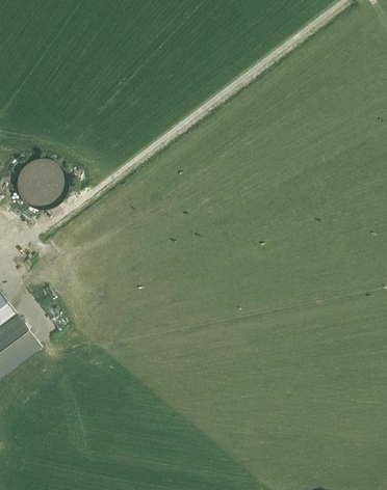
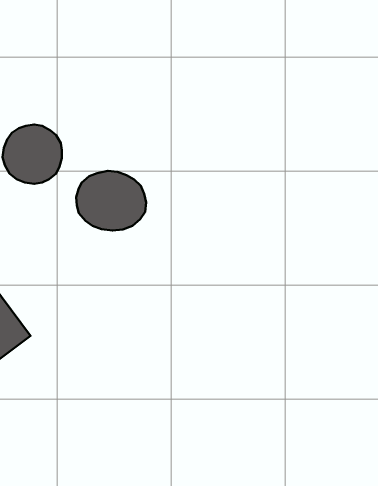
building: none -> [76,171,146,231]

